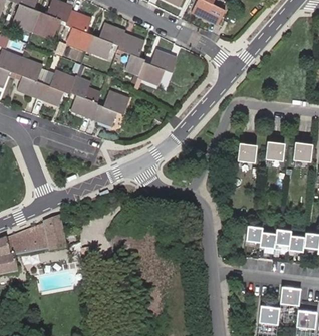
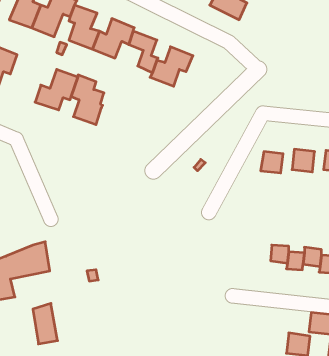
building: [14,57,46,99] -> none
building: [90,90,129,127] -> none
building: [45,216,67,252] -> [33,303,58,344]

